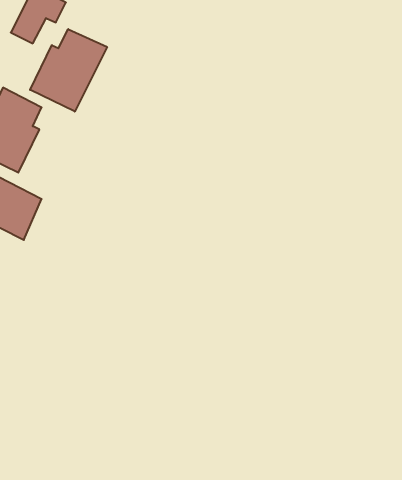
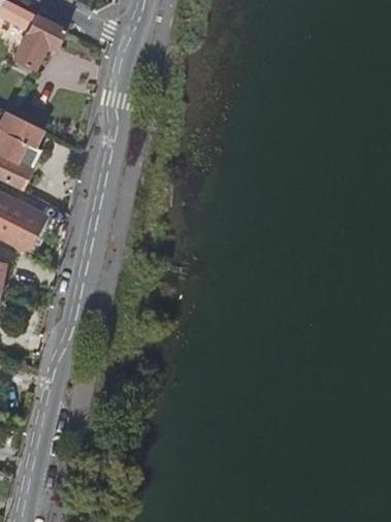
building: [30,29,107,112] -> none

